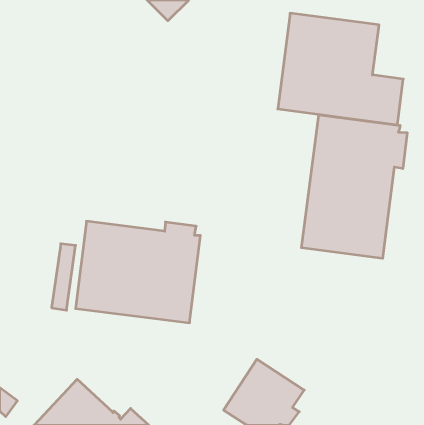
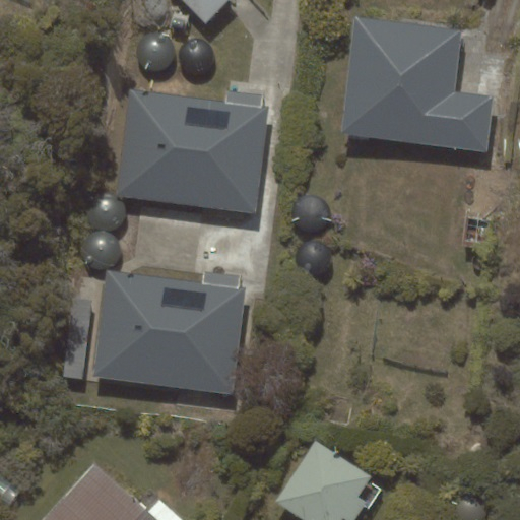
building: none -> [116,89,268,213]
building: [301,115,407,258] -> none

